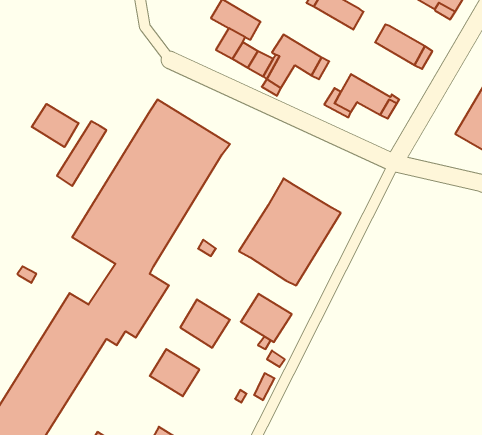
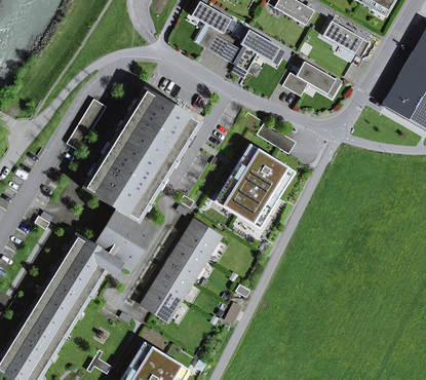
building: [32,104,79,147] -> none
building: [241,294,292,342] -> [180,220,221,259]
building: none -> [155,265,192,299]

